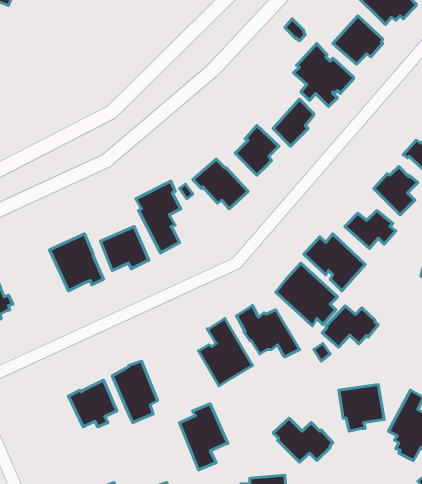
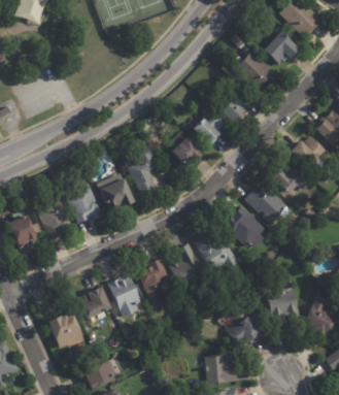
building: none -> [38,196,74,240]
building: [322,306,378,347] -> none
building: [179,404,228,470] -> [140,258,174,304]
building: none -> [49,315,86,350]

